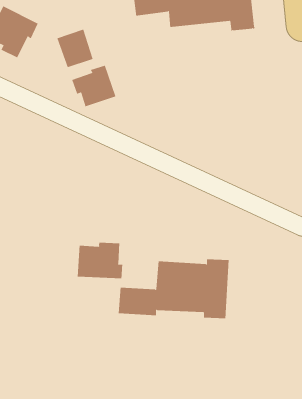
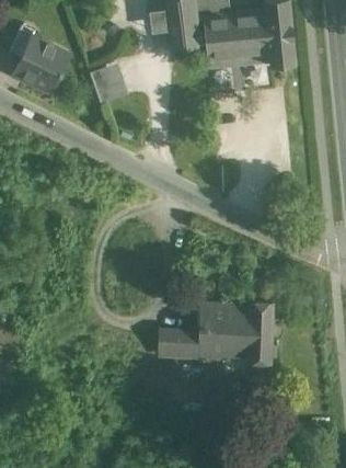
building: [71,65,116,107] -> none
building: [77,242,123,279] -> none

